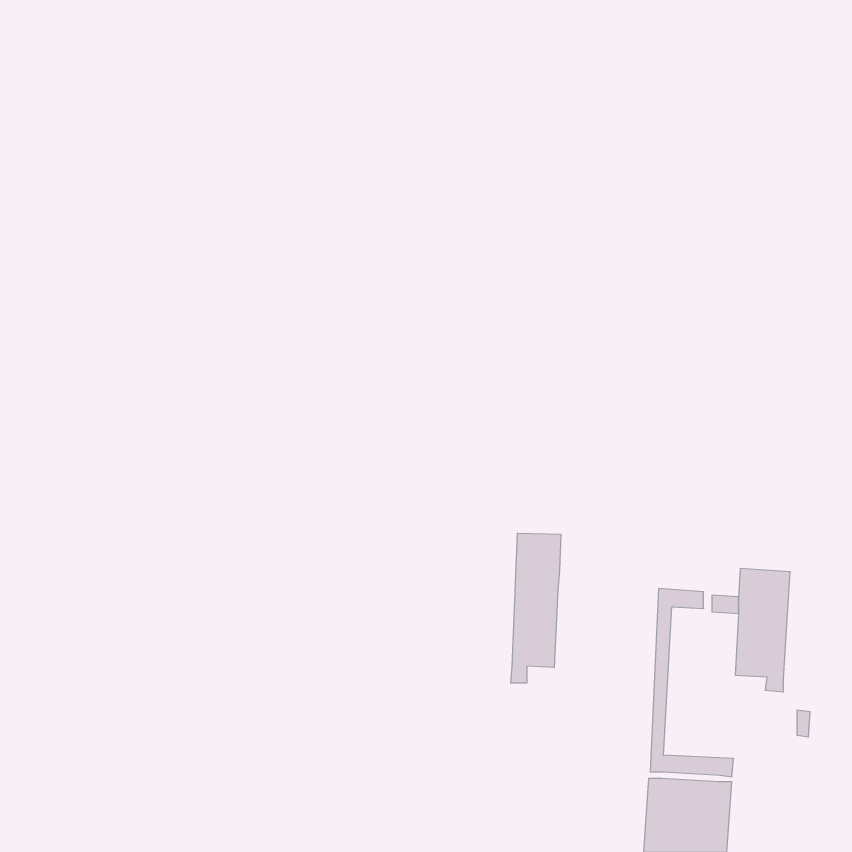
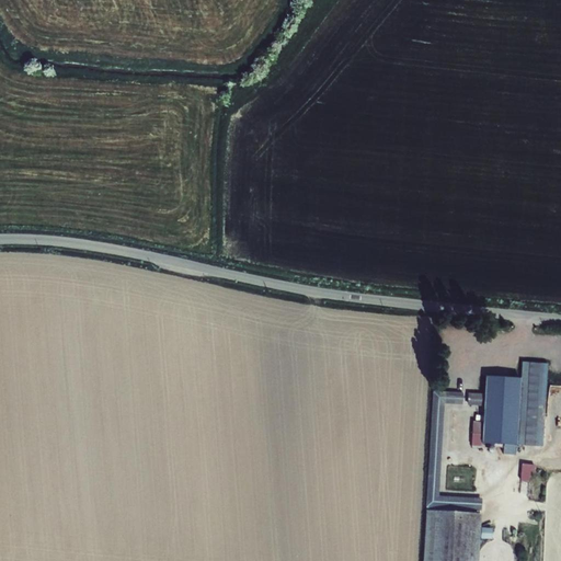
building: [511,533,561,683] -> none
building: none -> [517,364,548,446]

